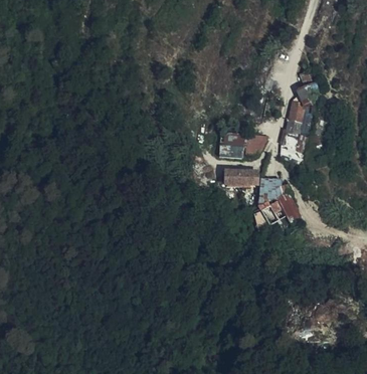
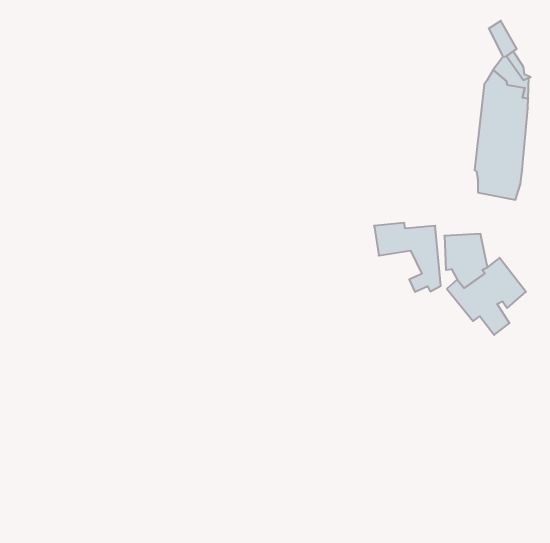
building: [220,132,267,154] -> none

